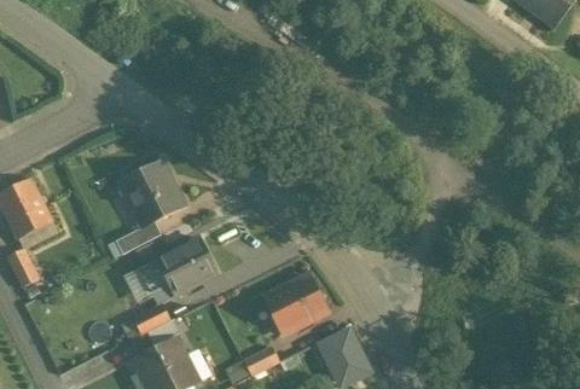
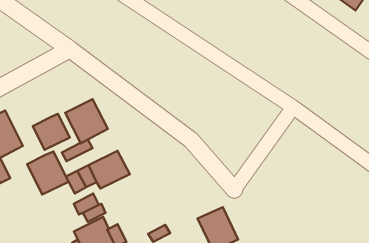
building: none -> [33,114,70,150]
building: none -> [27,152,69,195]
building: [262,277,324,335] -> none

